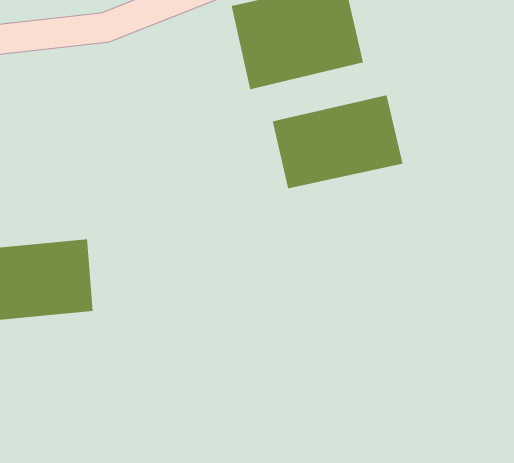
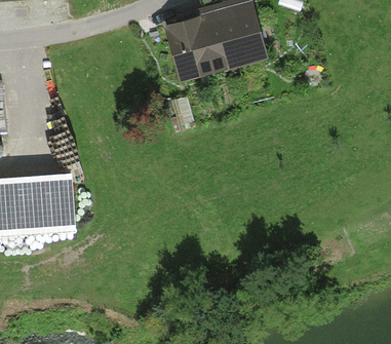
building: [272,95,403,189] -> none

